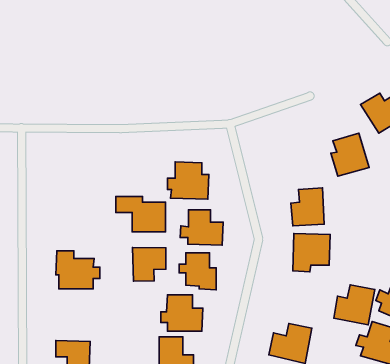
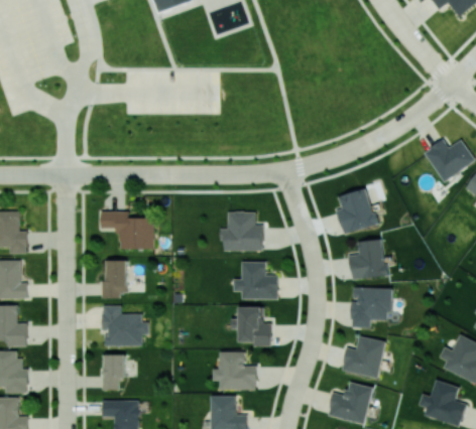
building: [331,133,369,176] -> [337,188,377,234]
building: [116,196,166,232] -> [101,211,153,249]
building: none -> [102,260,127,296]
building: [133,247,166,281] -> none
building: [334,285,375,325] -> [342,335,385,378]
building: none -> [102,354,125,390]

